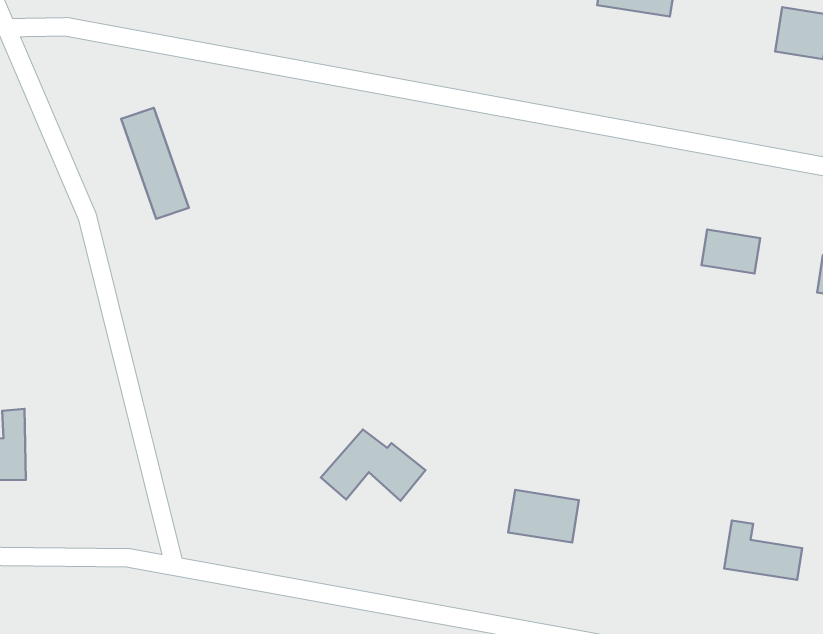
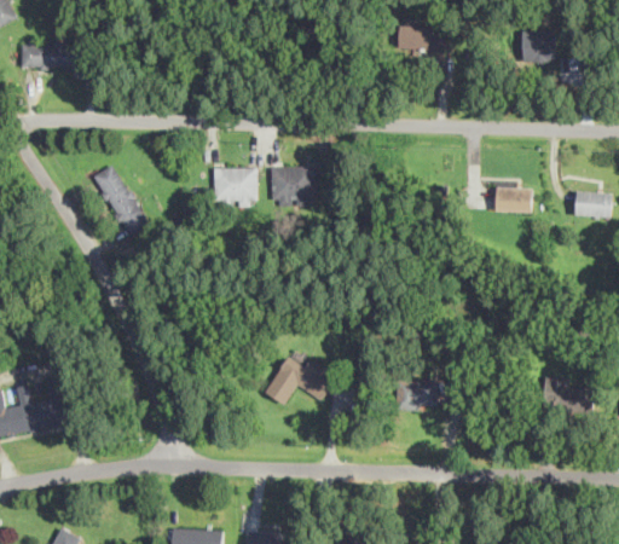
building: none -> [213,168,255,208]
building: none -> [270,167,312,206]

